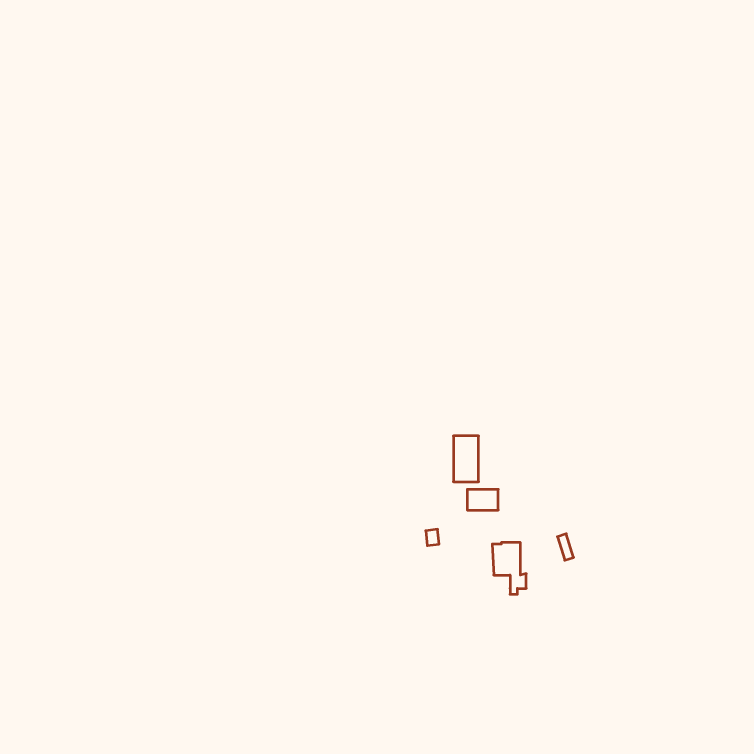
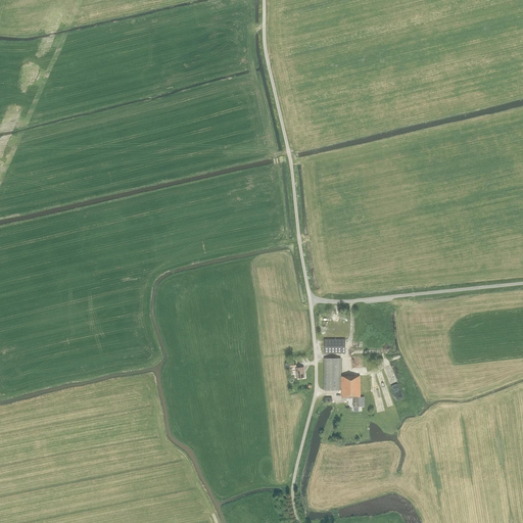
building: [453,436,479,482] -> [323,358,340,389]

